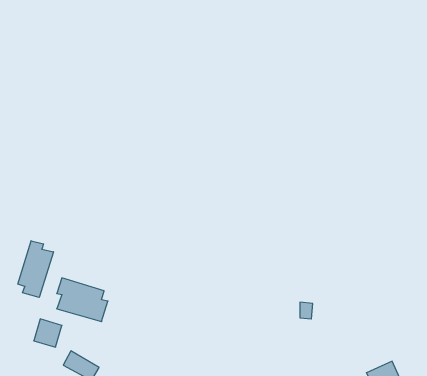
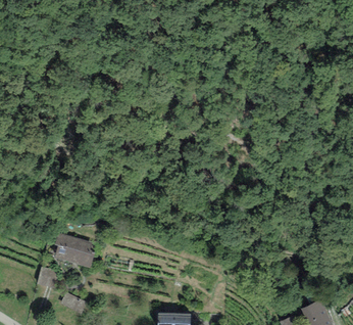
building: [18,241,53,297] -> none

